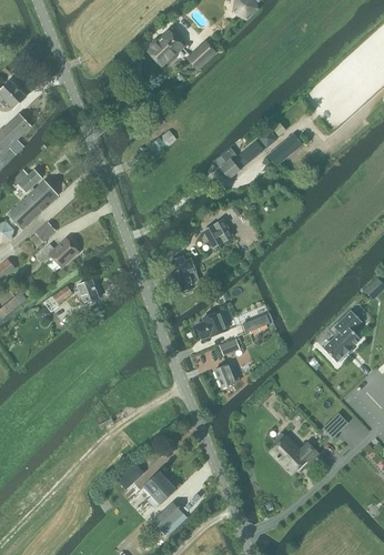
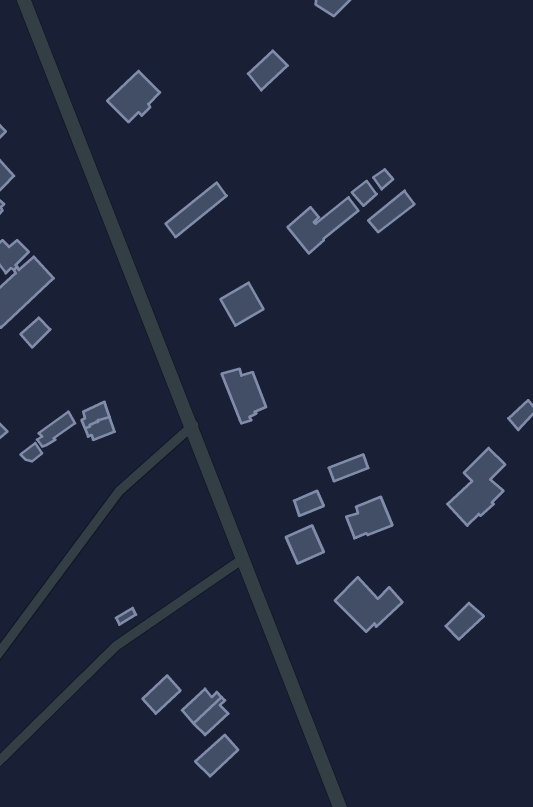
building: [148,30,183,64] -> [107,71,160,122]
building: [204,218,233,246] -> [221,283,263,326]
building: [38,238,79,265] -> none
building: [196,310,228,337] -> [346,497,392,538]
building: [271,435,316,472] -> [335,577,402,632]

